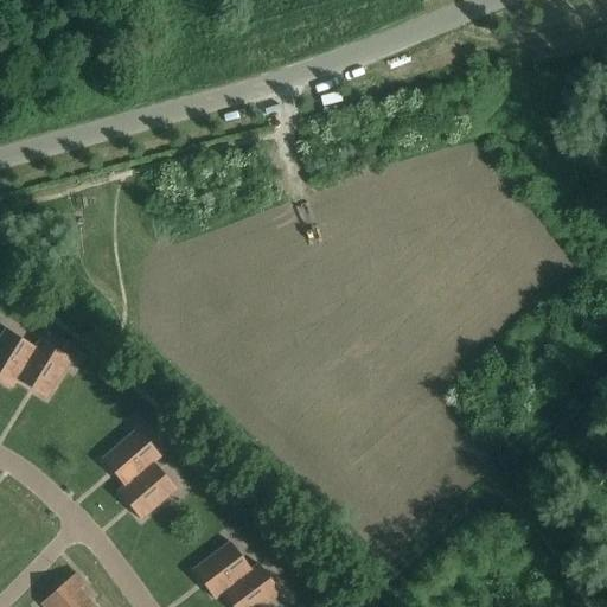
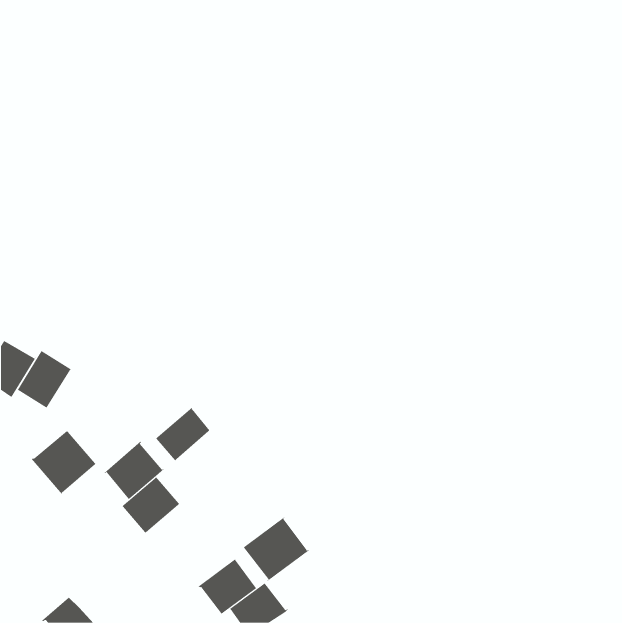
building: none -> [155,407,212,469]
building: none -> [31,429,104,495]
building: none -> [234,516,310,582]

